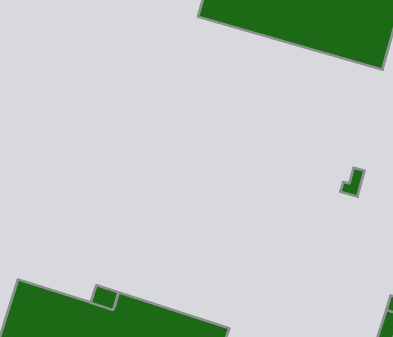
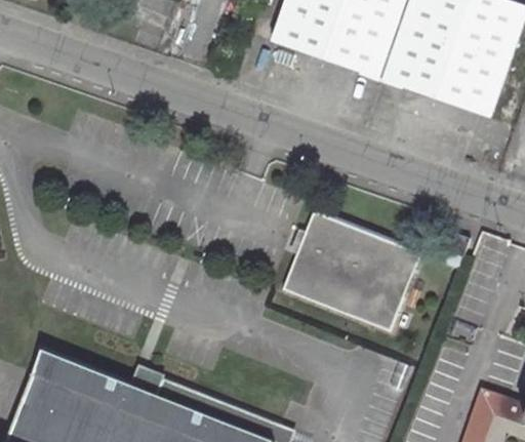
building: none -> [279,210,416,332]

